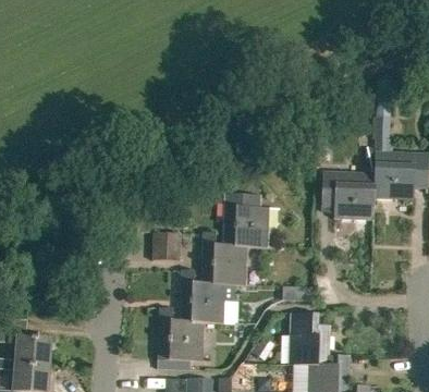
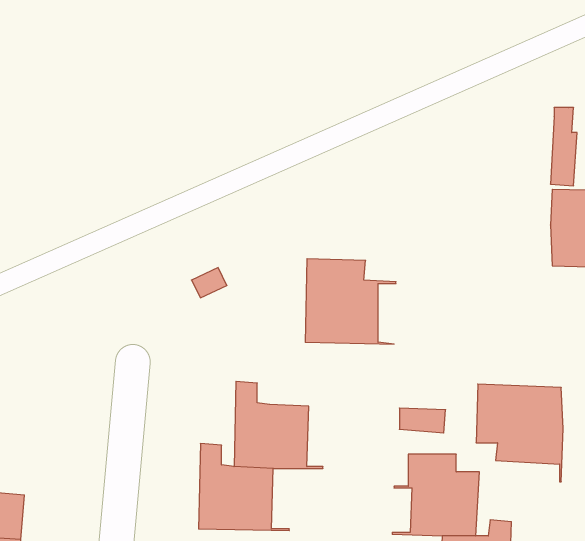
building: [321,172,375,232] -> [476,384,563,482]
building: [201,232,278,285] -> none
building: [152,233,181,261] -> none

